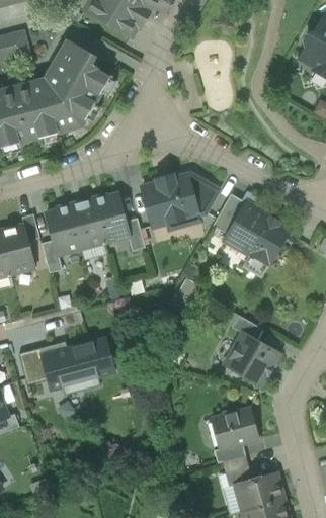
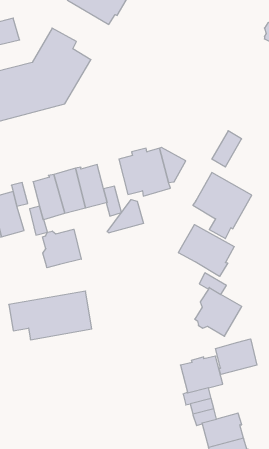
building: [213,193,246,234] -> [212,131,242,167]
building: none -> [107,200,144,233]
building: none -> [179,225,234,276]
building: none -> [43,229,81,268]
building: none -> [216,339,257,374]

